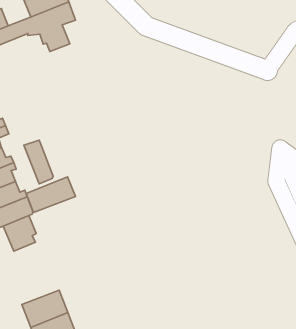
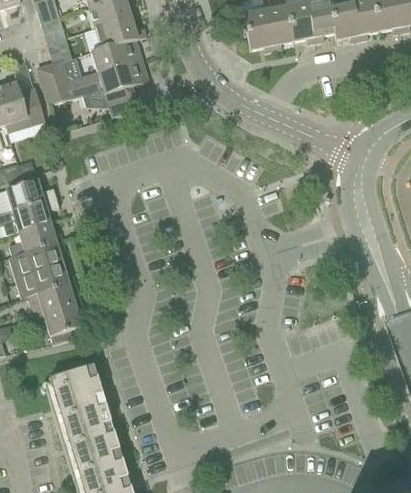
building: [24,140,53,184] -> none
building: [26,177,76,213] -> none
building: none -> [48,364,102,406]

